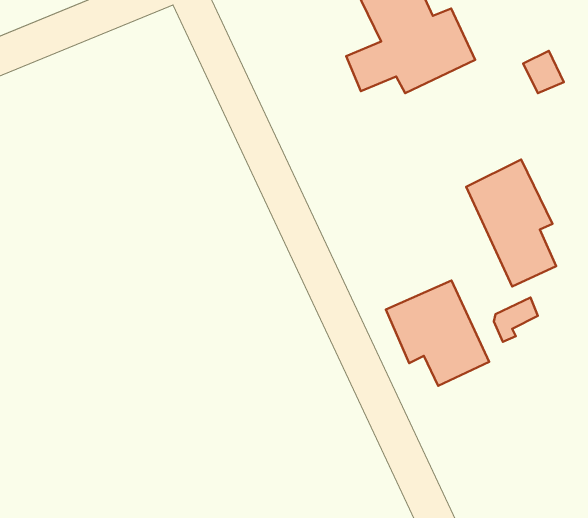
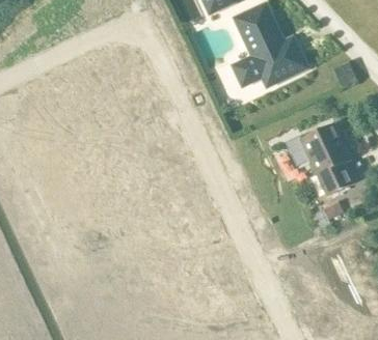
building: [386,281,489,386] -> none

